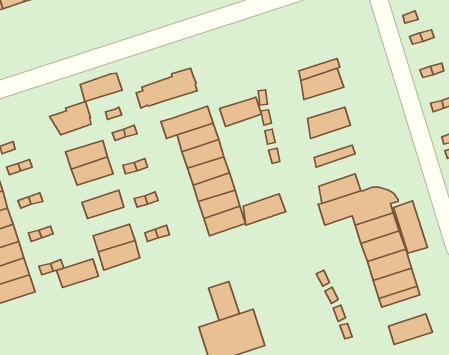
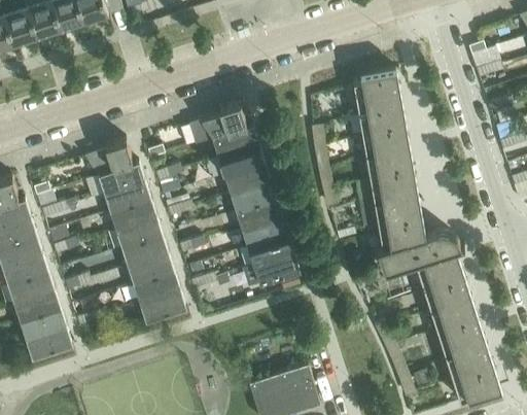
building: none -> [353,70,399,107]
building: [80,73,122,102] -> [100,164,145,195]
building: none -> [362,126,409,159]
building: [220,97,262,127] -> [213,127,258,159]
building: none -> [370,167,416,201]
building: none -> [117,218,163,249]
building: [243,194,286,225] -> [376,198,422,232]
building: [393,201,427,253] -> none
building: [57,259,99,288] -> [129,254,174,285]
building: [208,281,240,321] -> none
building: none -> [447,349,494,383]

